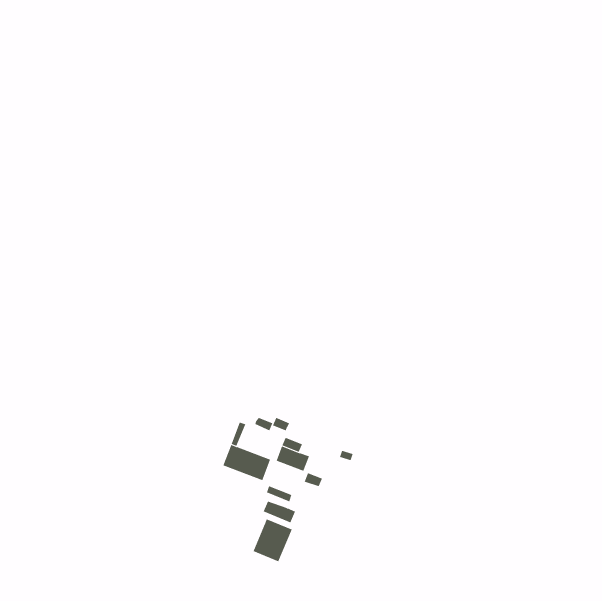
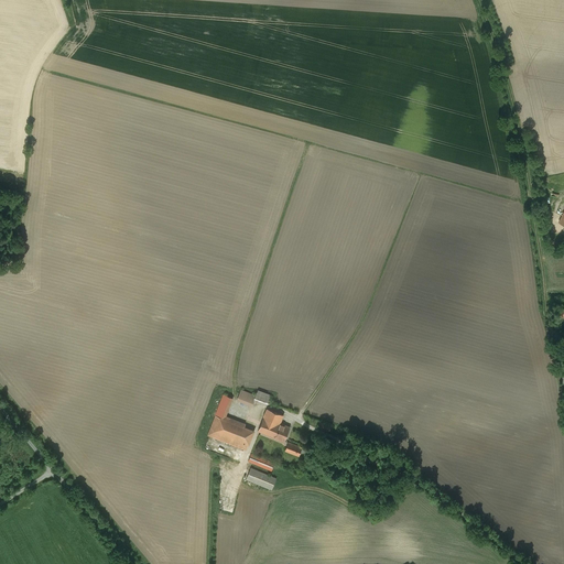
building: [253,518,292,562] -> none

